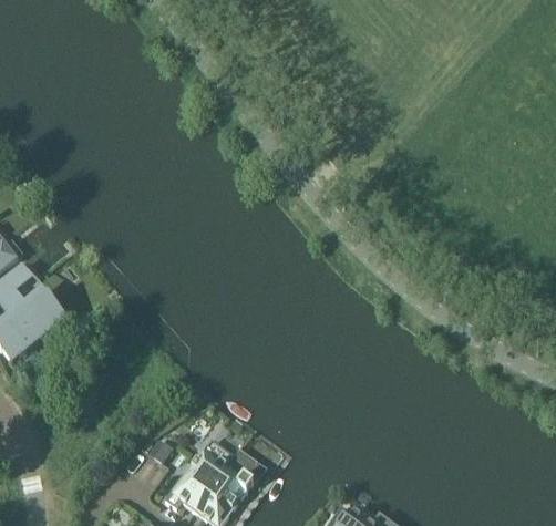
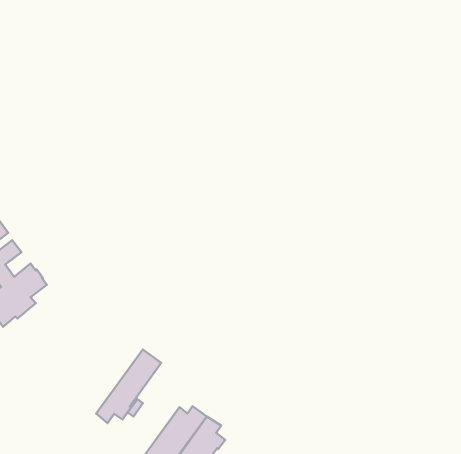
building: none -> [96,350,161,423]

